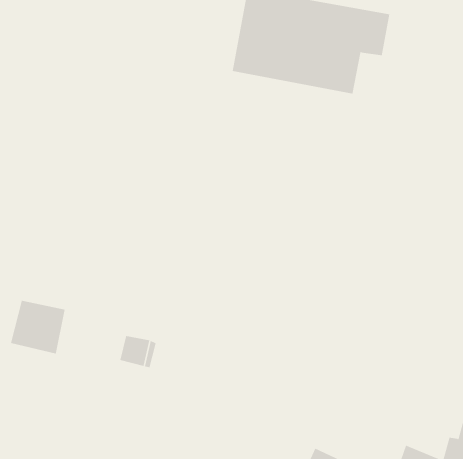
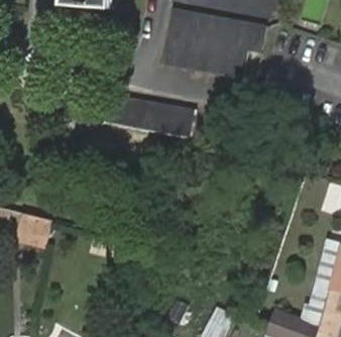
building: none -> [102,95,195,138]

